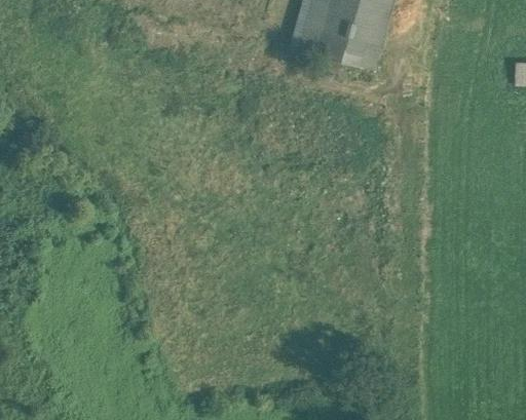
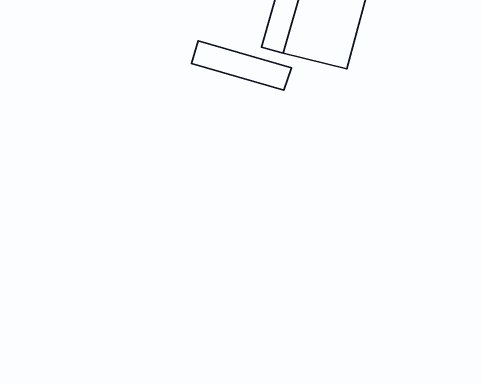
building: none -> [192,41,292,90]

